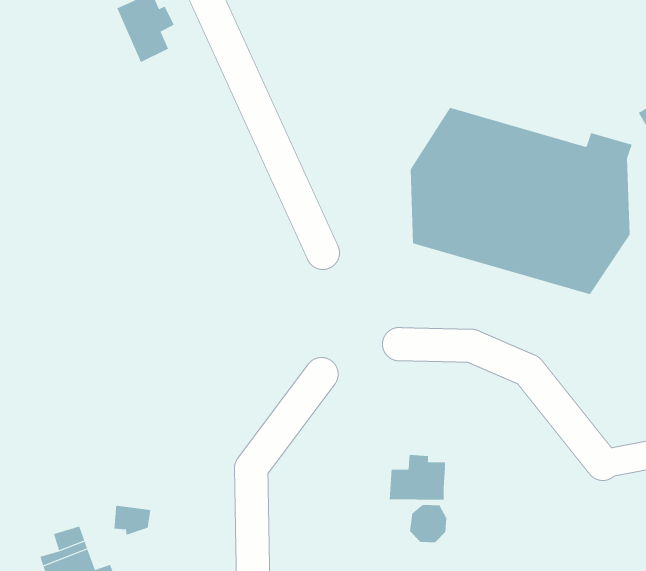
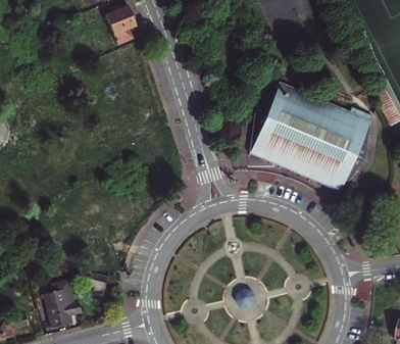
building: [389,454,445,500] -> none

